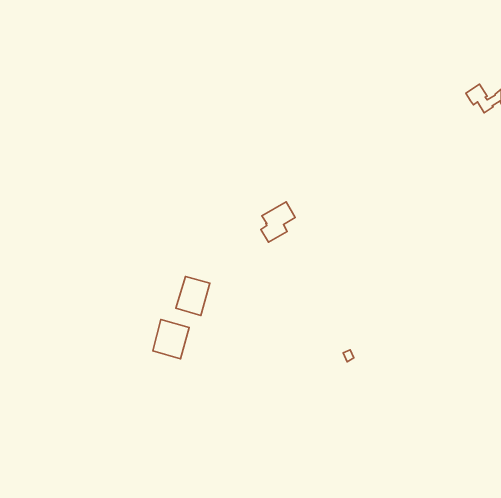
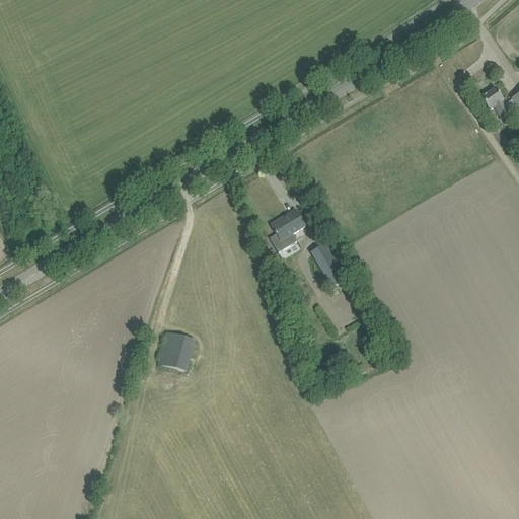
building: none -> [311,242,346,286]
building: [176,276,210,315] -> none

